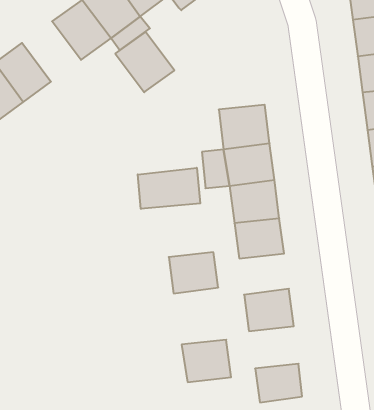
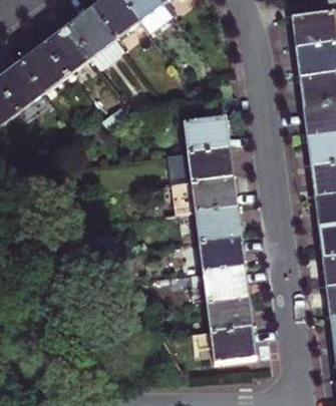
building: [115,32,174,92] -> [20,43,69,93]
building: [138,168,200,209] -> none
building: [169,252,218,293] -> [201,236,242,270]
building: [182,340,231,382] -> [209,296,250,331]

